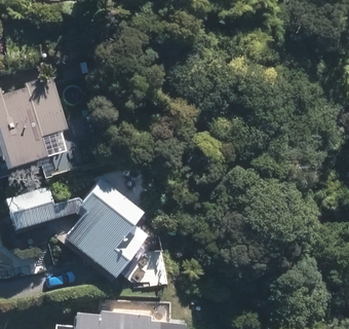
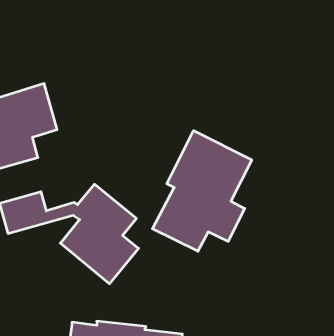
building: none -> [152,131,252,251]

